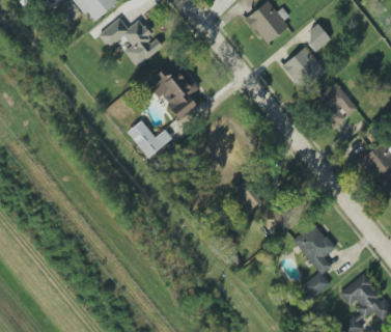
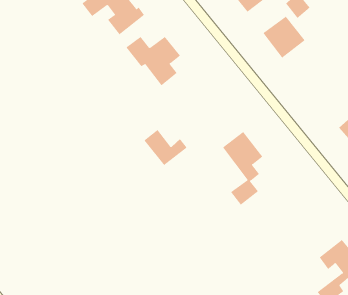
building: [317,82,358,128] -> none
building: [128,119,172,157] -> [143,129,187,166]
building: [294,222,335,298] -> [222,131,263,206]

